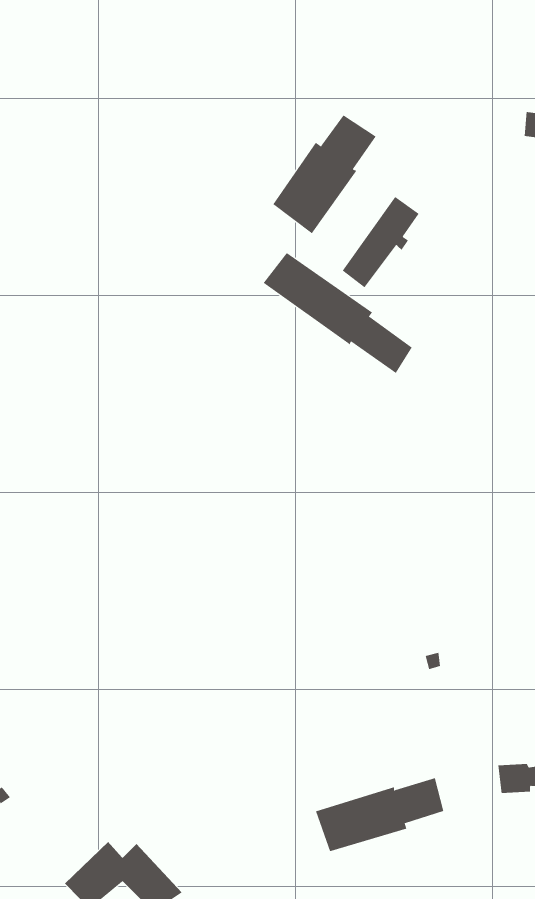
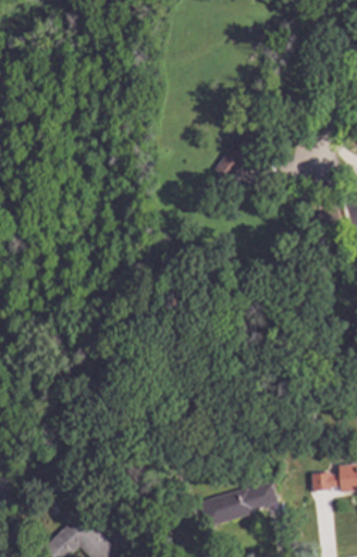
building: [273,115,377,234] -> none
building: [263,252,412,374] -> none

